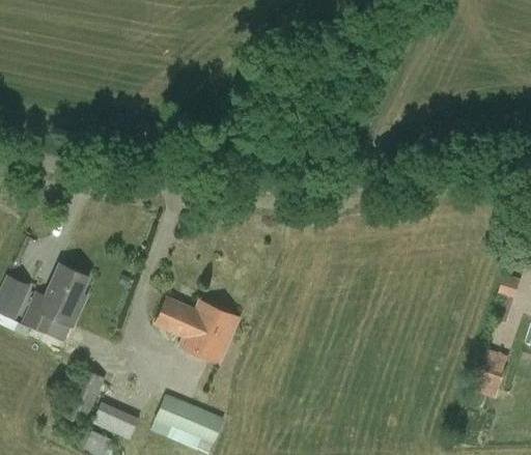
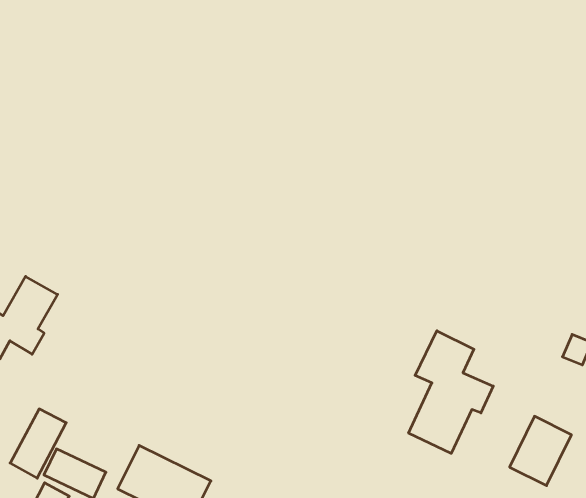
building: none -> [409,331,493,453]
building: [155,297,240,365] -> none

